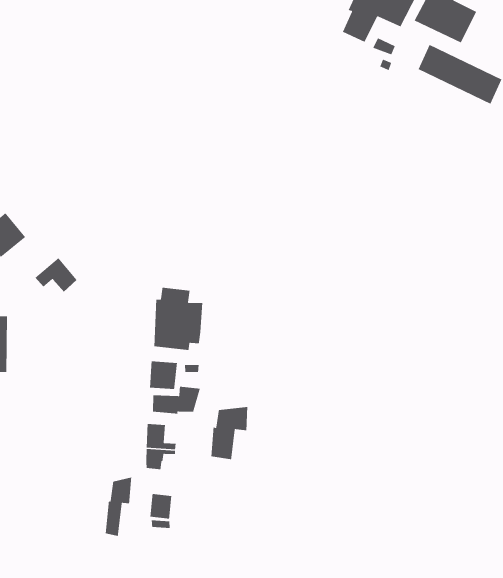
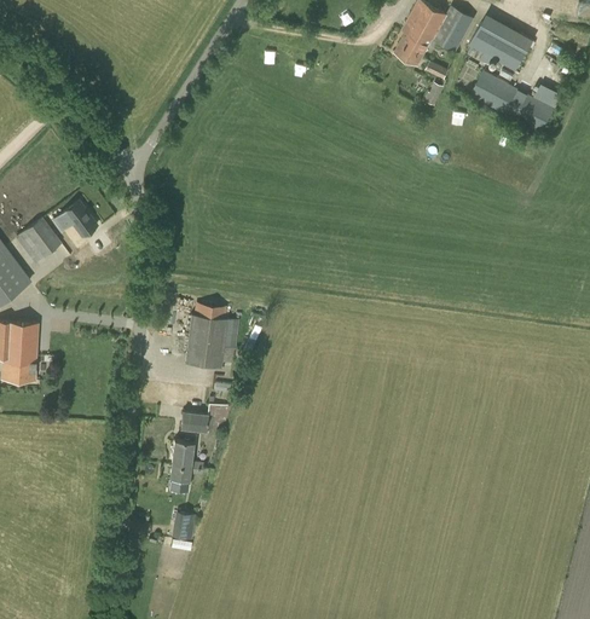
building: [35,257,77,292] -> [53,201,97,237]
building: [149,361,178,390] -> none
building: [210,406,248,460] -> none
building: [105,476,132,537] -> none

